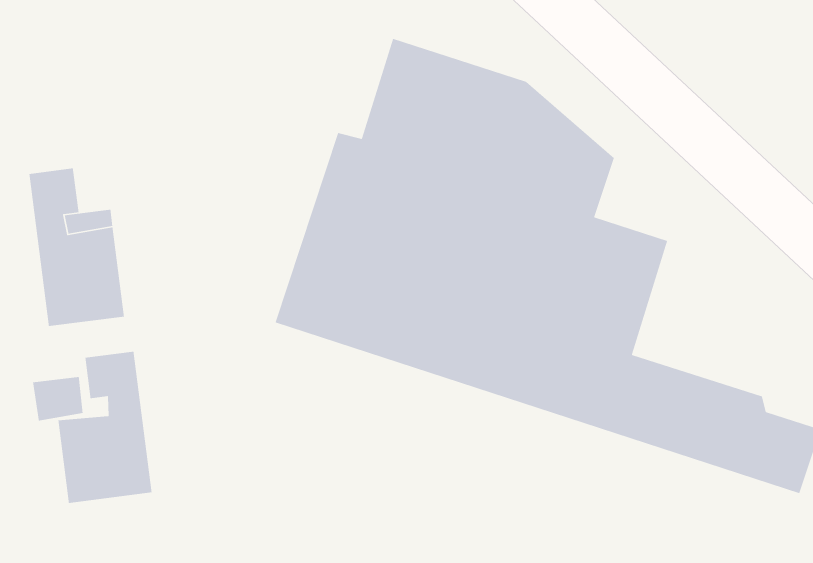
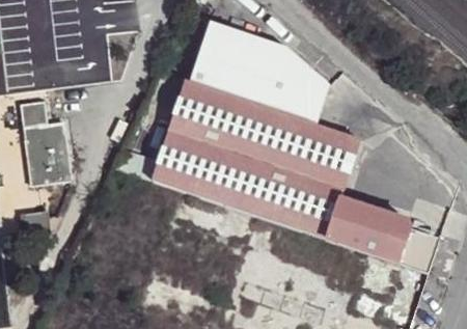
building: [58,351,152,504] -> none

